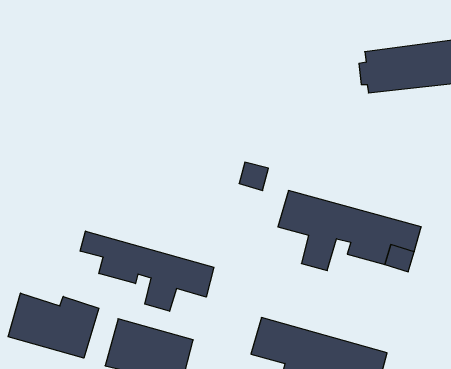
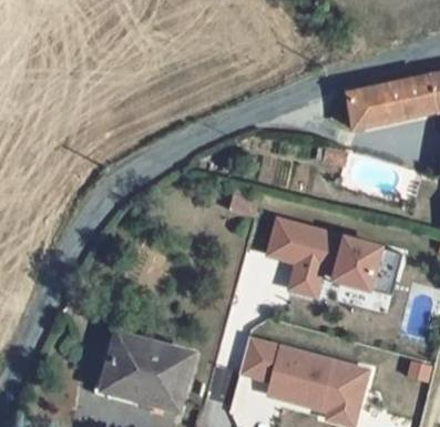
building: [80,231,214,311] -> none
building: [8,293,99,358] -> none

